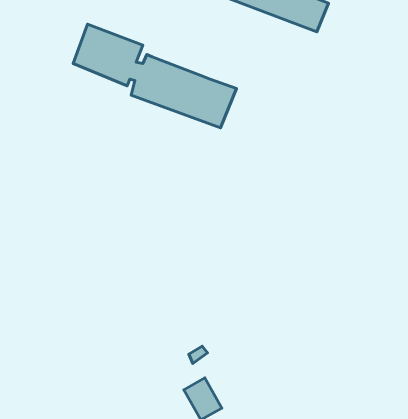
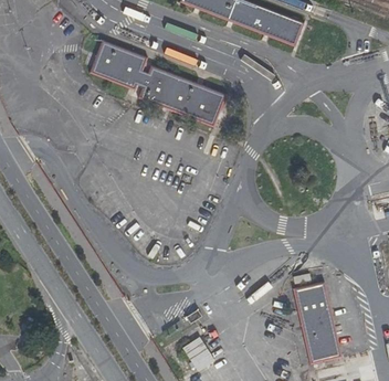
building: none -> [293,281,343,364]

